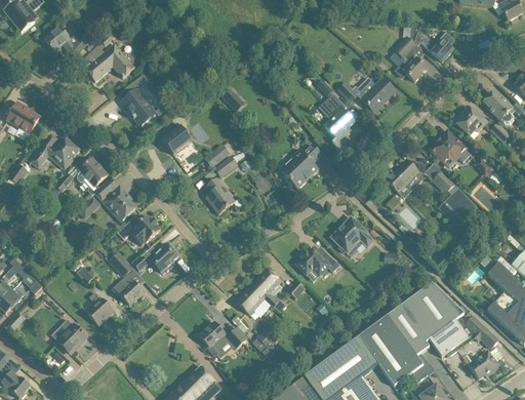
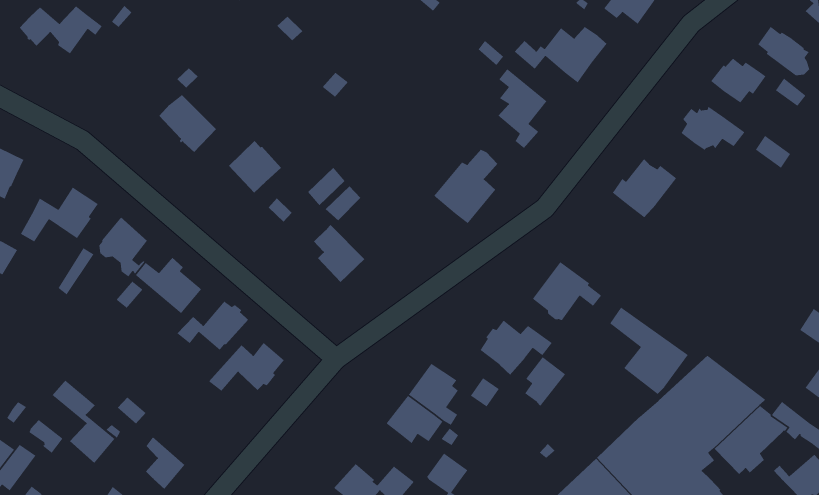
building: [85,43,134,81] -> none
building: [433,170,478,226] -> [609,307,689,395]
building: [109,252,144,305] -> [52,380,115,464]
building: none -> [524,356,566,407]

